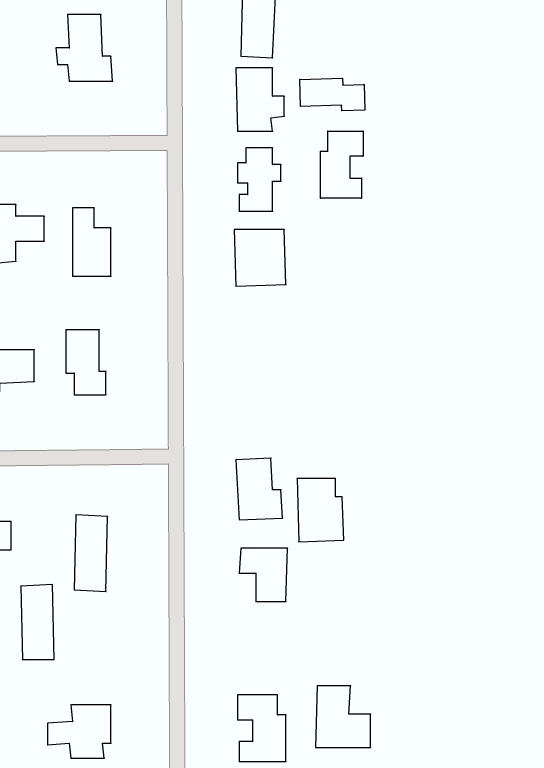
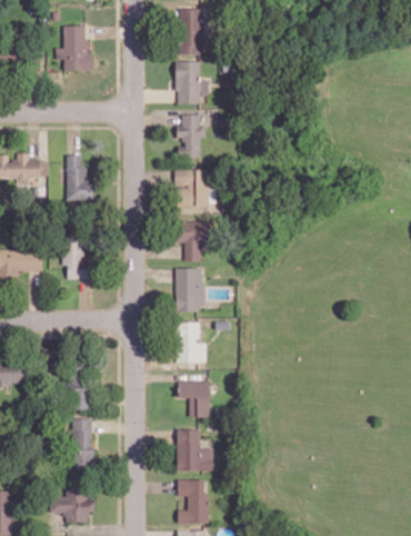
building: [300,78,365,111] -> none
building: [320,131,363,198] -> none
building: none -> [177,221,210,261]
building: [297,478,344,542] -> [174,268,206,310]
building: [21,585,54,660] -> [71,418,93,468]
building: [316,686,371,747] -> [177,429,213,470]

